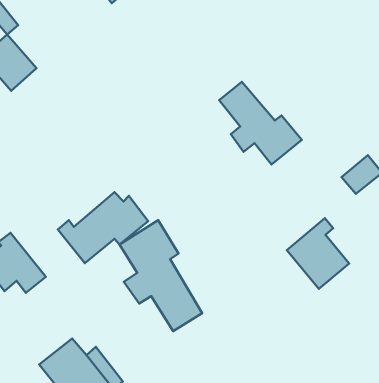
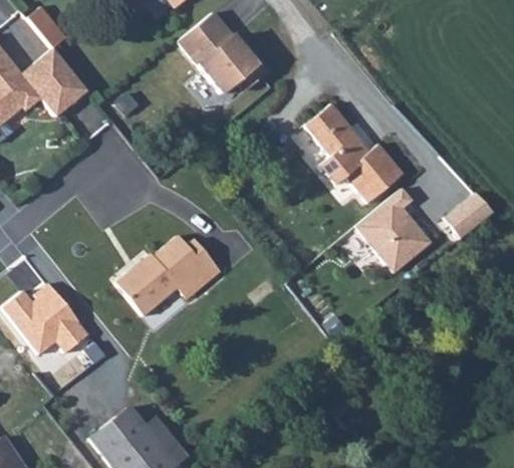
building: none -> [178,13,266,92]
building: [287,218,349,289] -> [356,187,431,271]
building: [119,220,202,331] -> none

